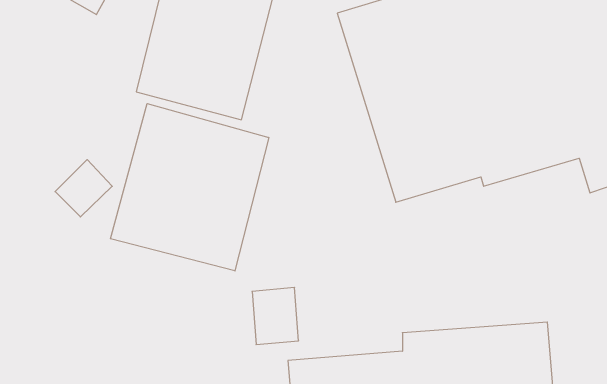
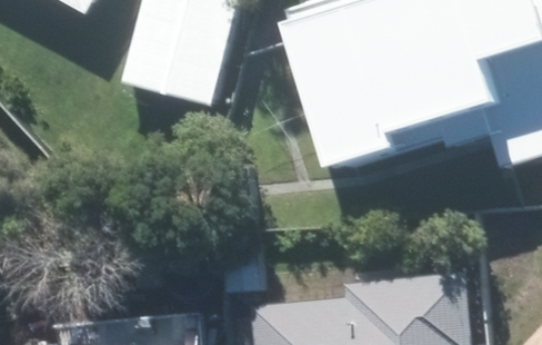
building: [110,104,269,271] -> none

